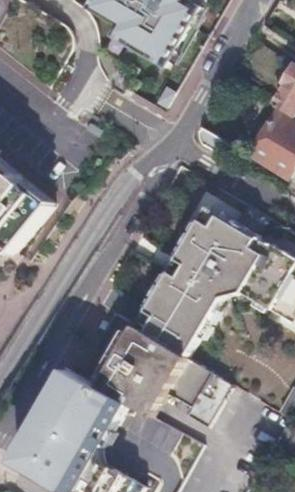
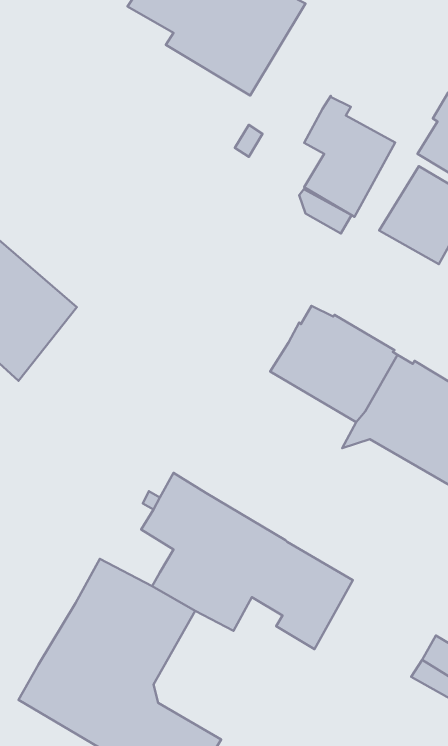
building: none -> [304,96,395,217]
building: [135,246,233,356] -> none

